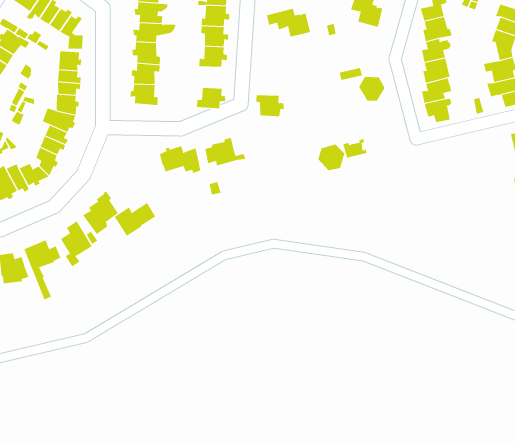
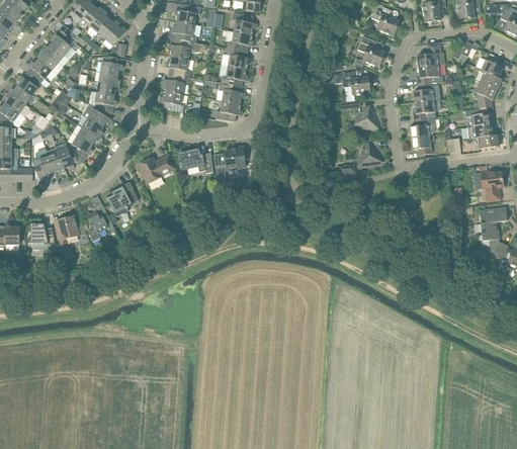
building: [266,8,311,37] -> [333,71,369,95]
building: [255,95,285,117] -> [220,83,244,104]
building: [317,144,345,171] -> [357,146,381,168]
building: [114,202,156,237] -> [138,156,174,183]

